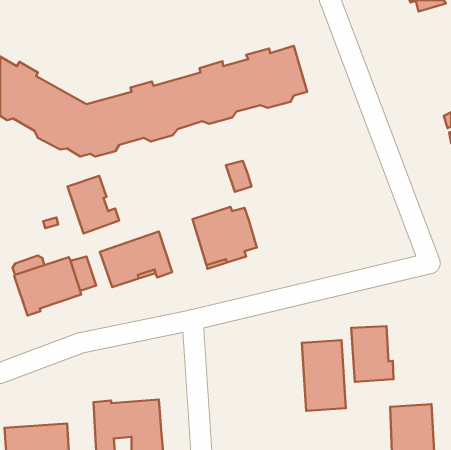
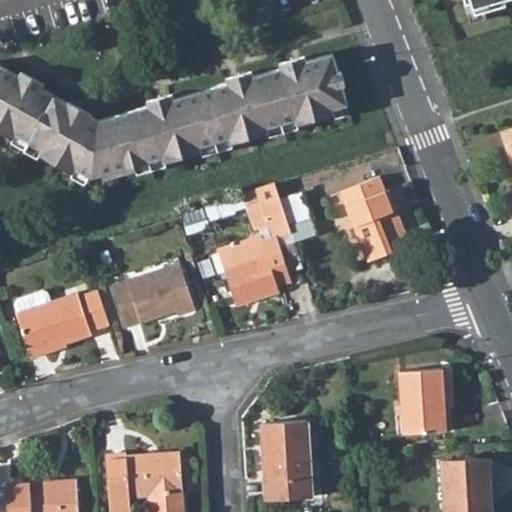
building: none -> [341,178,410,262]
building: none -> [281,193,314,241]
building: [68,176,119,233] -> none
building: [302,340,346,411] -> [262,421,312,501]

